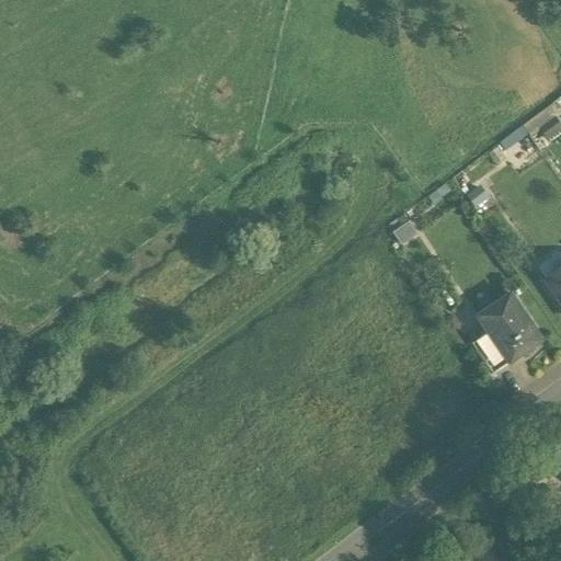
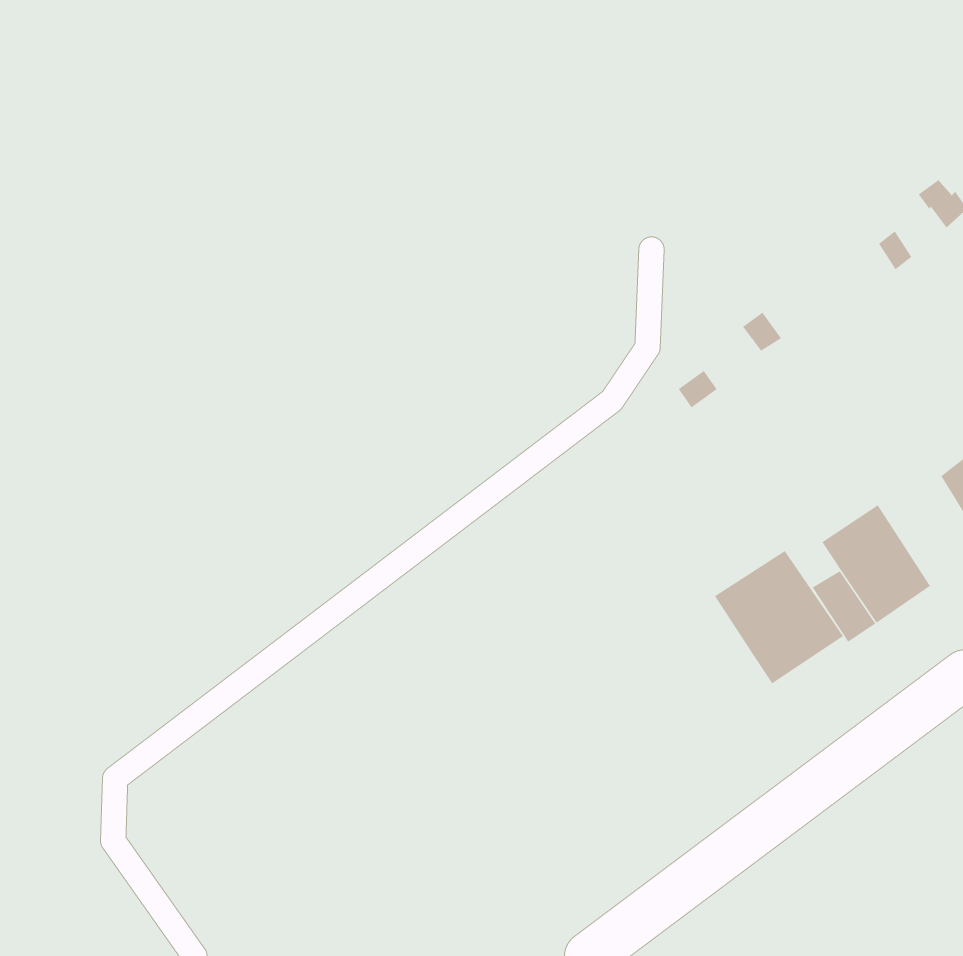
building: none -> [714,550,844,684]

